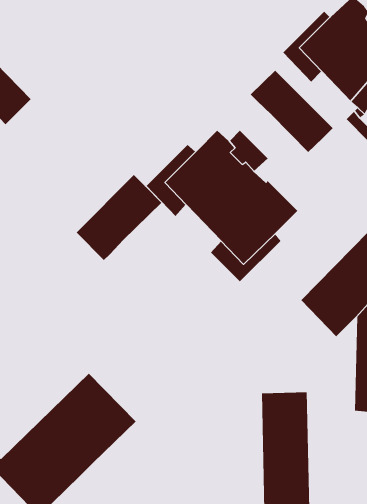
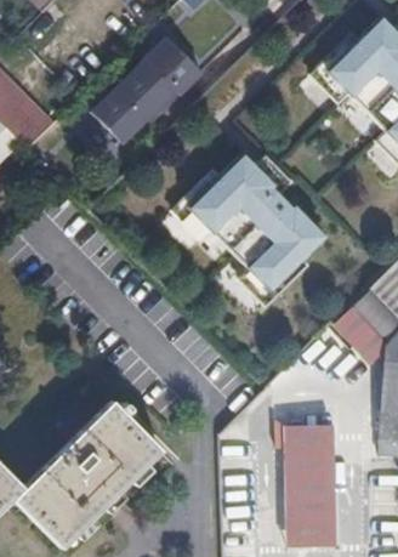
building: none -> [90,38,201,144]
building: [250,70,333,153] -> none
building: [76,174,162,261] -> none

